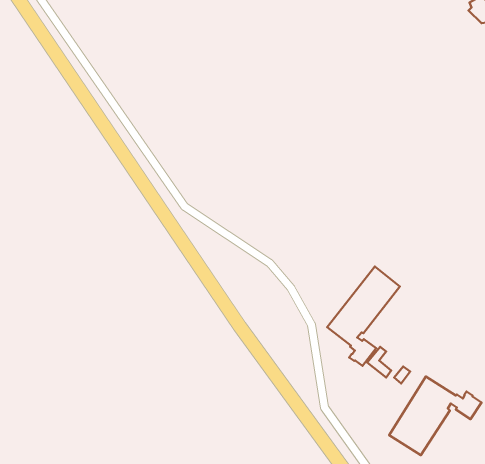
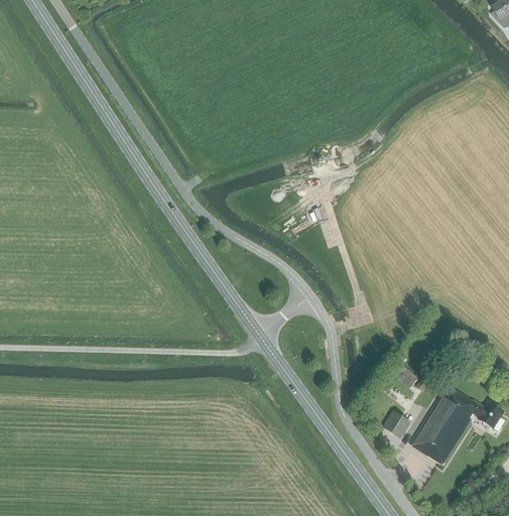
building: [327,267,400,366] -> none
building: none -> [384,412,410,438]

